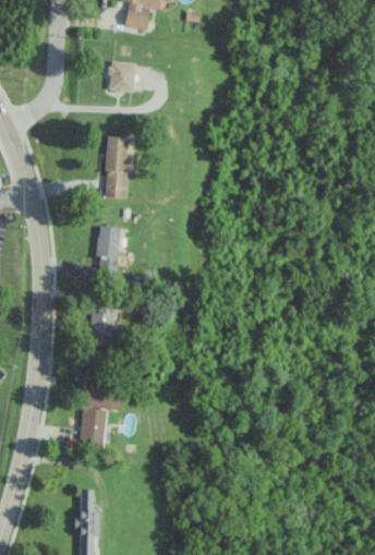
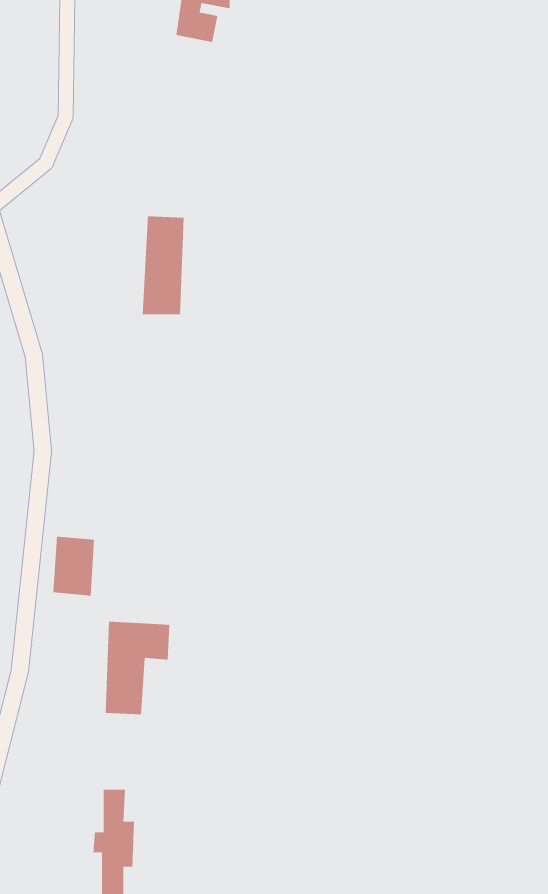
building: [108,61,134,92] -> none
building: [95,225,121,269] -> none
building: [88,310,114,347] -> [52,536,95,596]

